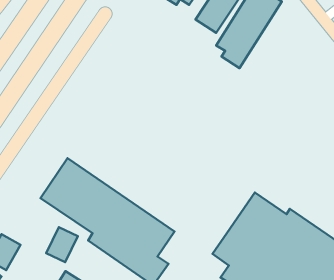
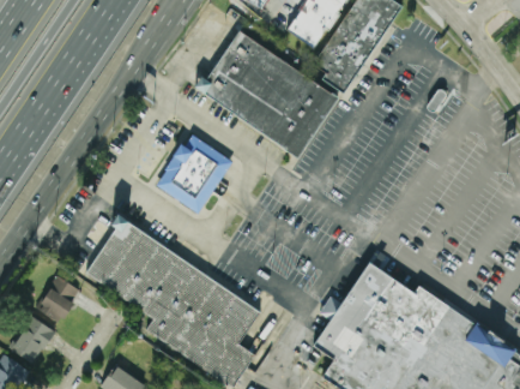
building: none -> [188,25,337,160]
building: none -> [152,132,232,214]
building: [46,227,78,262] -> [38,276,80,323]

